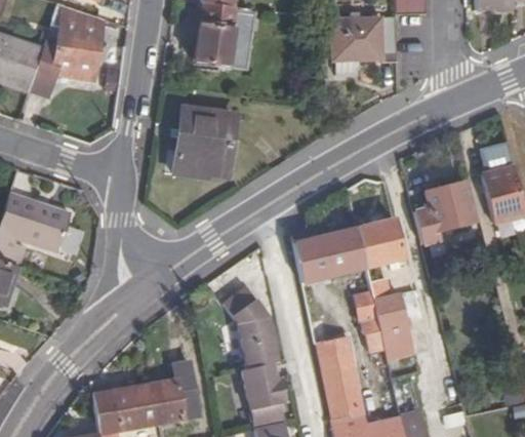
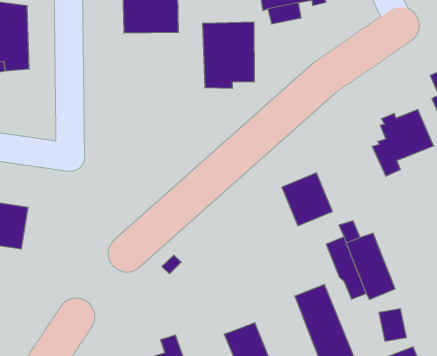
building: [175,107,234,174] -> [203,22,255,88]
building: [357,220,404,268] -> none
building: [294,236,330,282] -> none
building: [224,286,278,368] -> none

